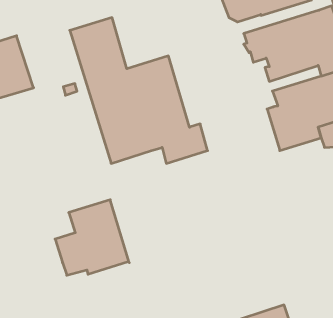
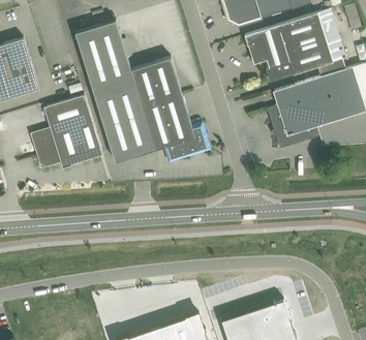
building: [55,200,129,275] -> [30,95,102,168]

